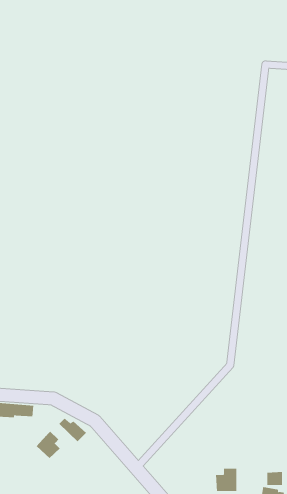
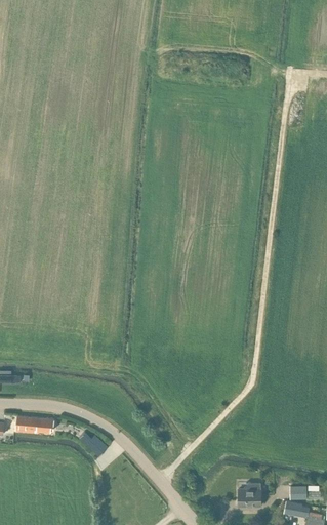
building: [36,431,61,459] -> none

